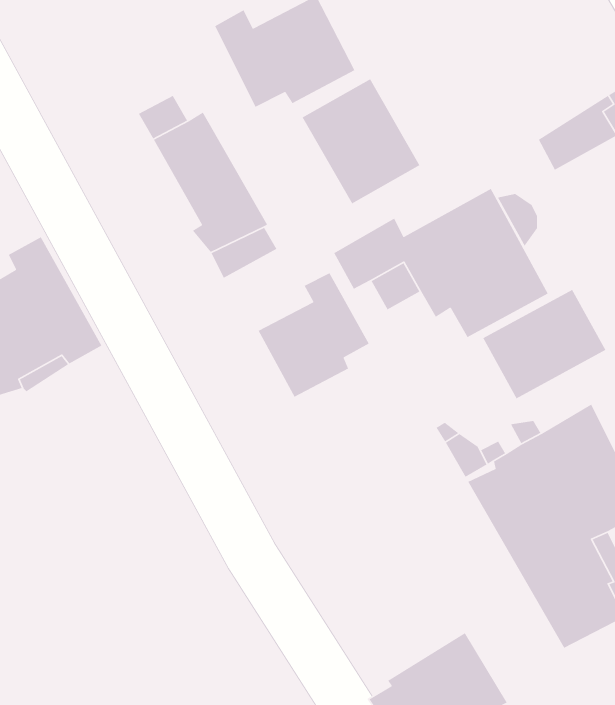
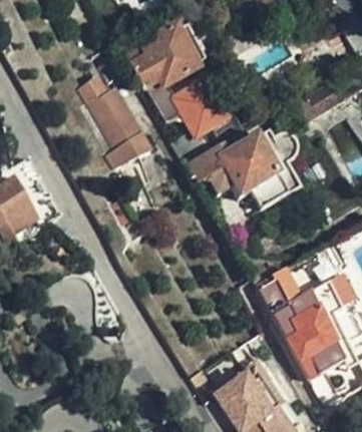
building: [258,272,370,398] -> none
building: [482,289,607,400] -> none

